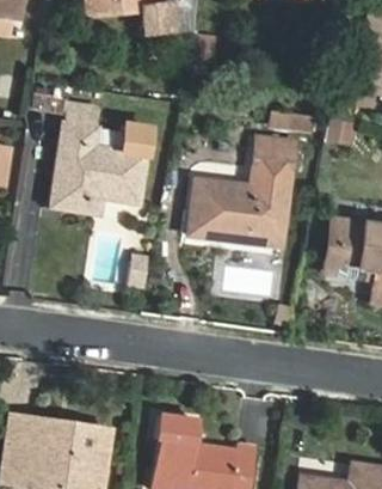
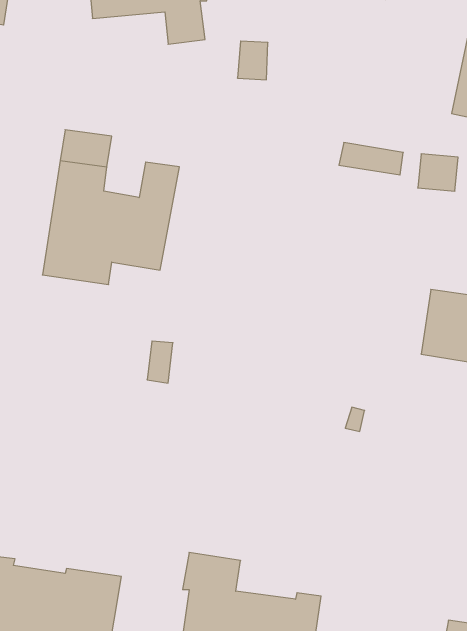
building: [253,135,296,175] -> none
building: [187,179,288,240] -> none

